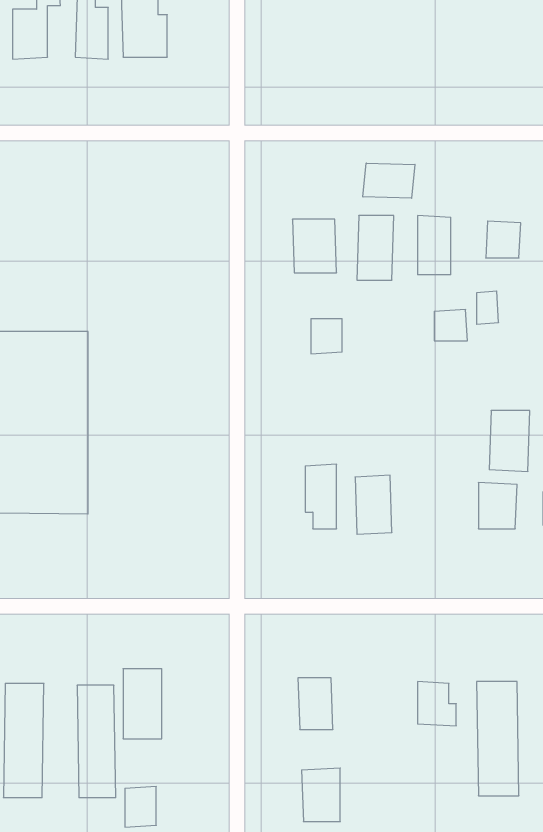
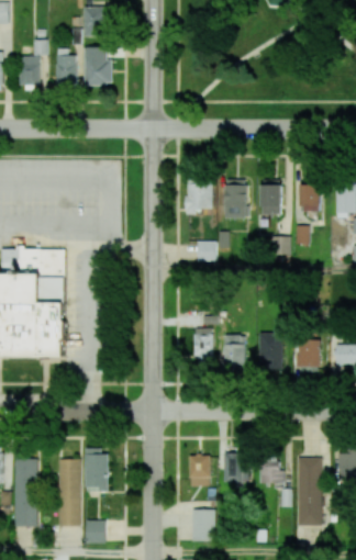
building: [363,163,415,198] -> none
building: [489,411,530,471] -> [258,334,282,370]
building: none -> [223,451,247,482]

